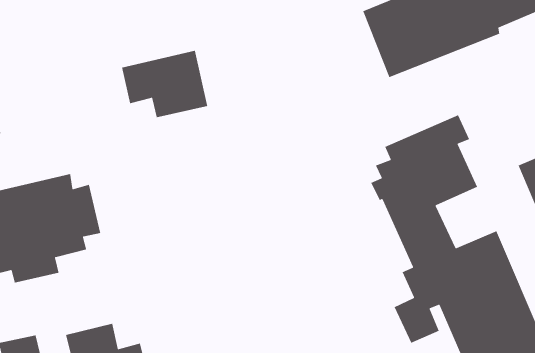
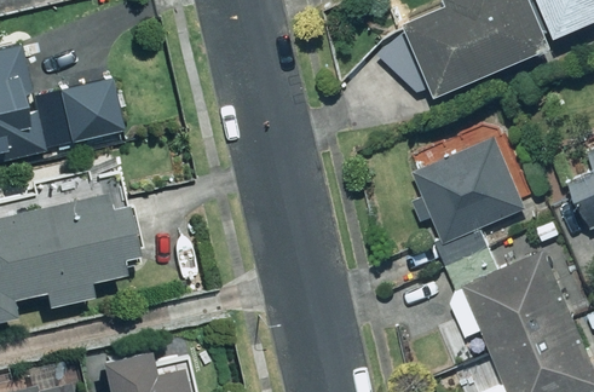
building: [121,50,208,118] -> [33,80,123,151]

